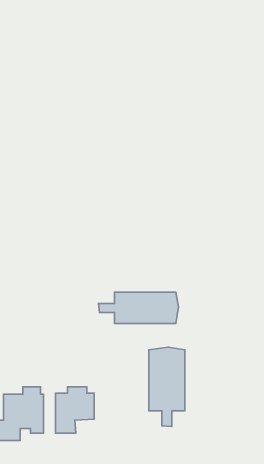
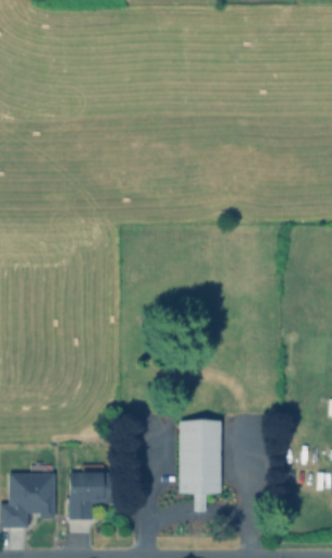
building: [99,292,179,324] -> none

